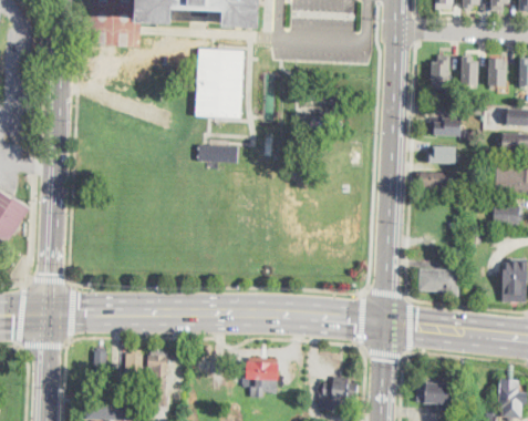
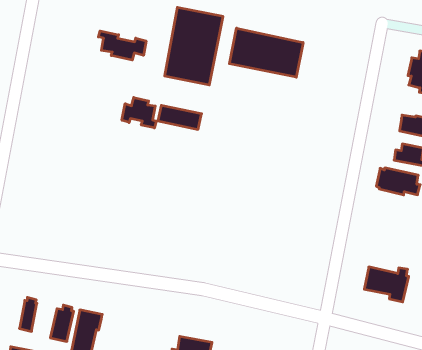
building: none -> [229,28,303,77]
building: none -> [98,31,146,60]
building: none -> [122,97,156,128]

